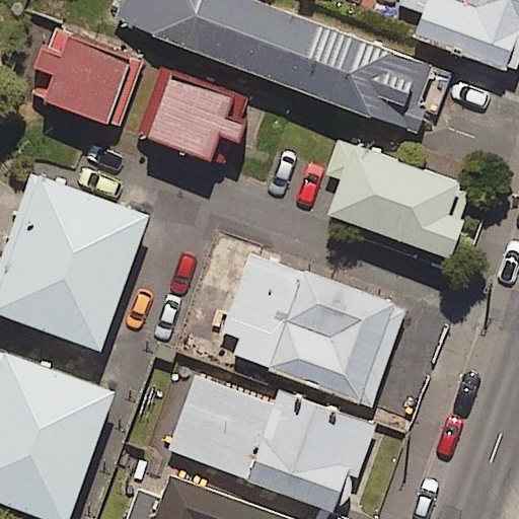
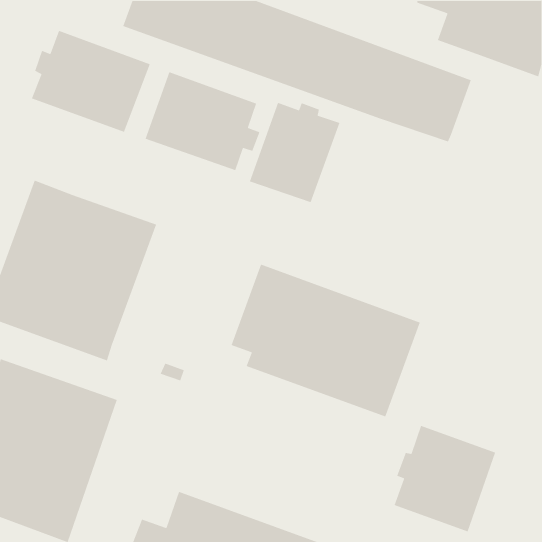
building: none -> [249,102,340,203]
building: [326,143,472,257] -> none
building: [170,373,374,509] -> none
building: none -> [393,425,496,532]

